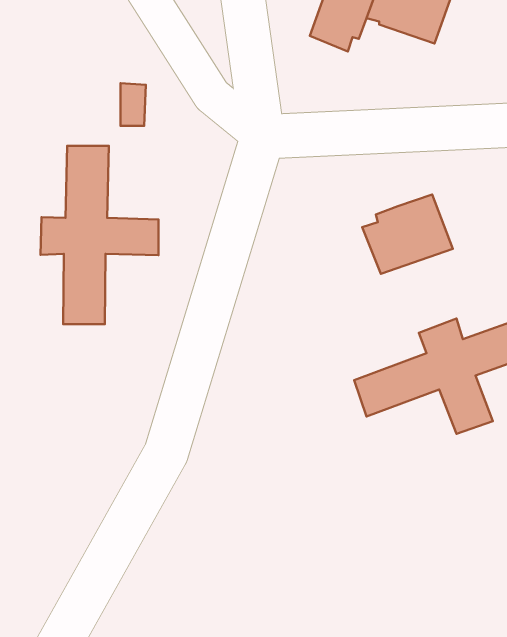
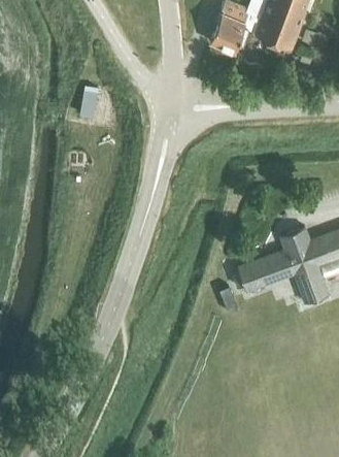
building: [41,146,159,324] -> none
building: [362,194,453,274] -> none

